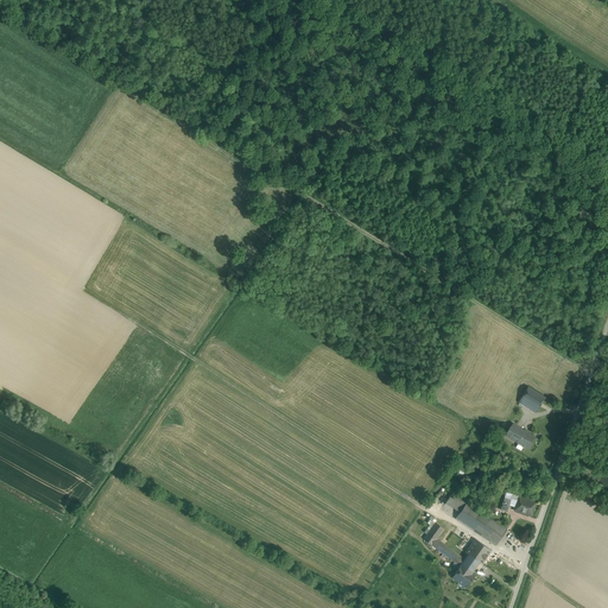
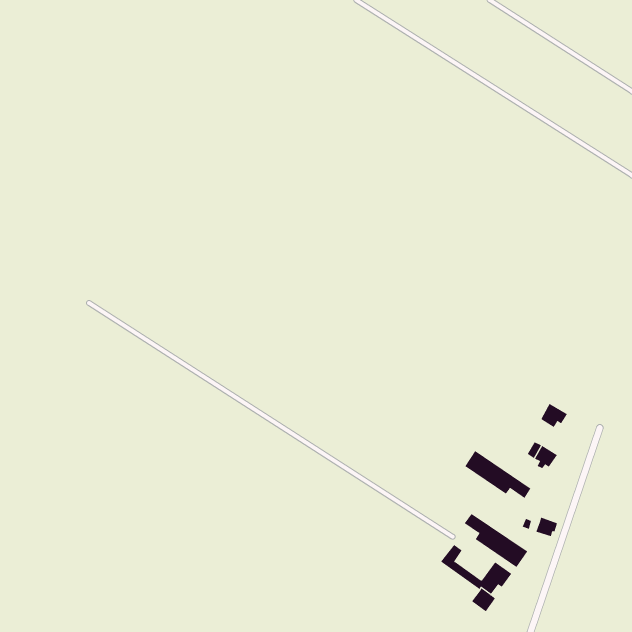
building: none -> [464,450,531,499]

